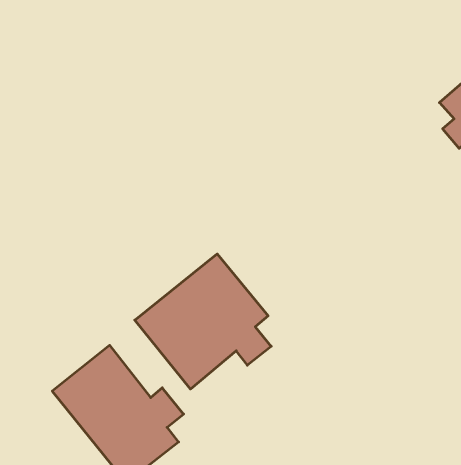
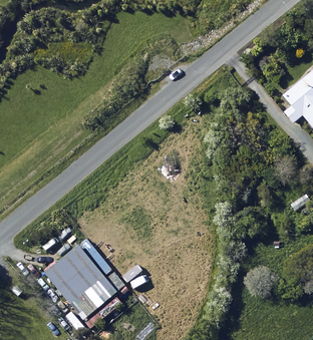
building: [135,254,271,389] -> none

